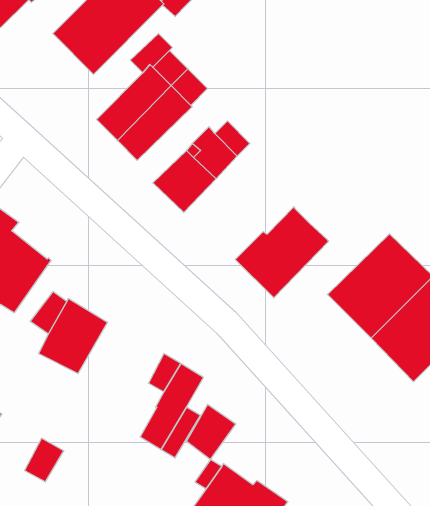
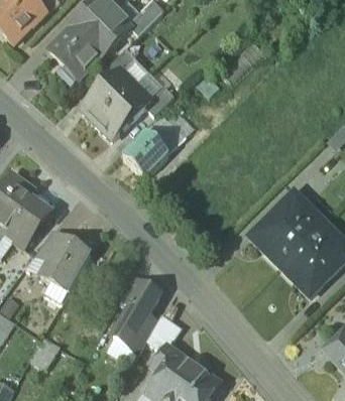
building: [235,207,328,298] -> none

